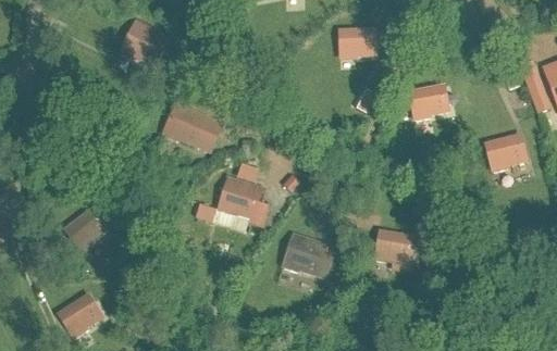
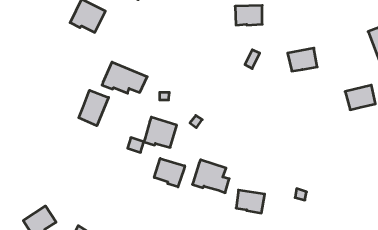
building: none -> [79,90,109,126]
building: [65,208,109,248] -> none
building: [376,230,414,261] -> [236,190,265,213]
building: none -> [154,158,185,187]

